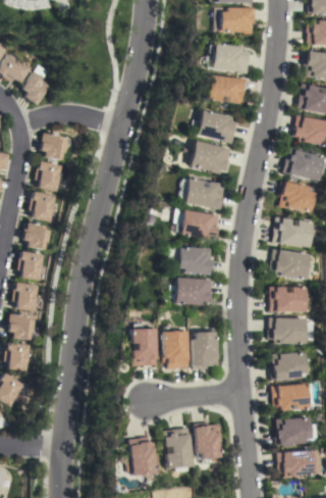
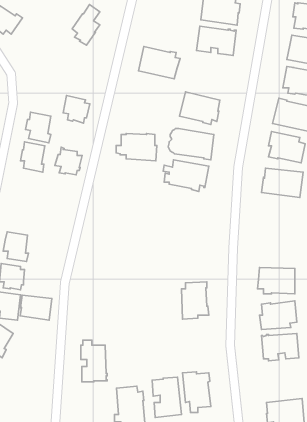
building: [23,64,51,105] -> [72,5,100,45]
building: [198,110,239,143] -> [139,46,180,79]
building: [42,133,68,160] -> [63,96,90,123]
building: [23,221,51,249] -> [55,147,82,175]
building: [173,247,214,275] -> [116,133,157,161]
building: [271,249,311,279] -> none
building: [18,251,44,281] -> none
building: [174,278,213,306] -> none
building: [271,287,308,312] -> none
building: [131,323,158,365] -> [81,340,107,382]
building: [163,327,189,368] -> none
building: none -> [20,295,52,320]
building: [275,417,313,445] -> none

